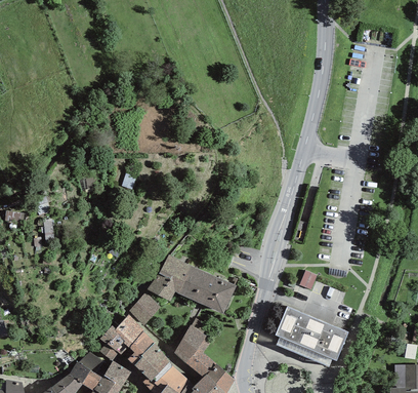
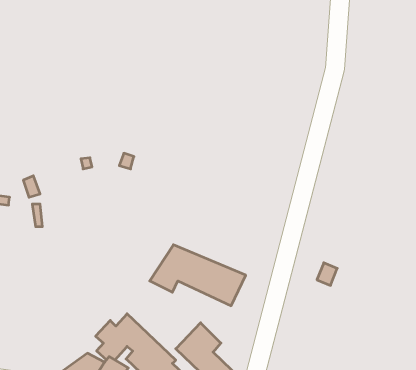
building: [129,293,159,324] -> none
building: [280,311,346,363] -> none

